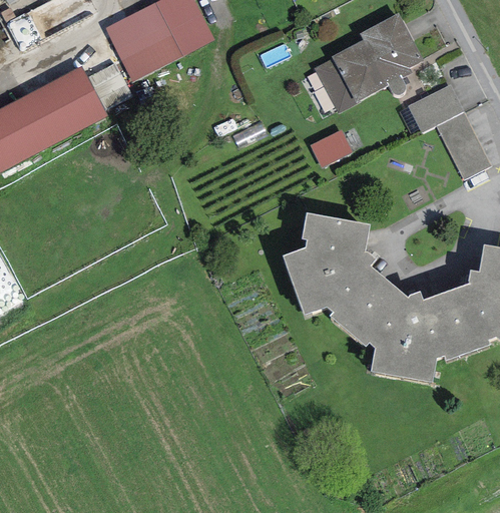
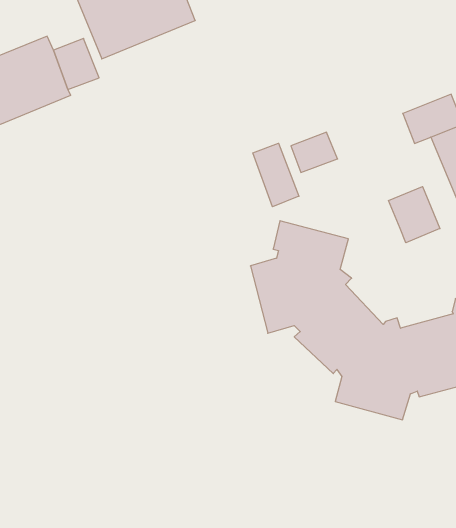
building: [314,12,424,113] -> none
building: none -> [253,143,299,207]
building: none -> [389,187,440,243]

